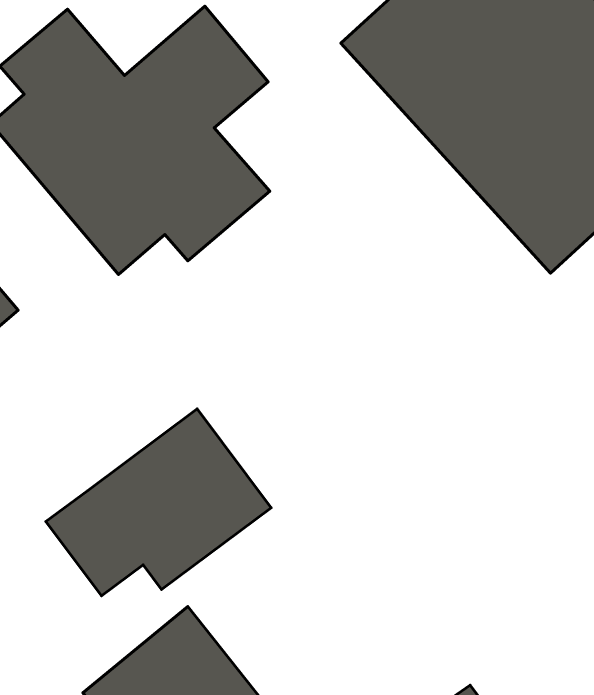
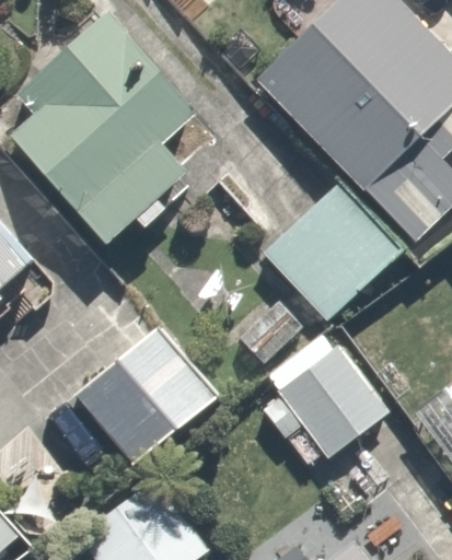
building: none -> [264,184,397,316]
building: none -> [264,334,384,459]

